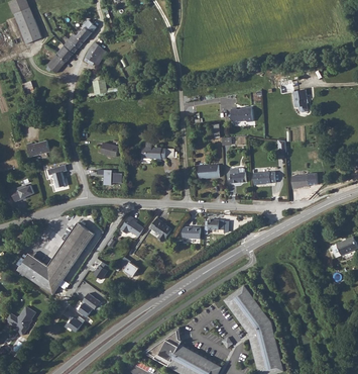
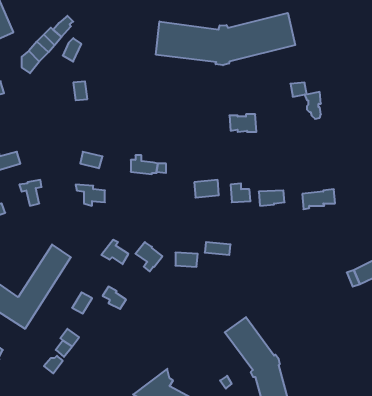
building: none -> [156,13,295,65]

